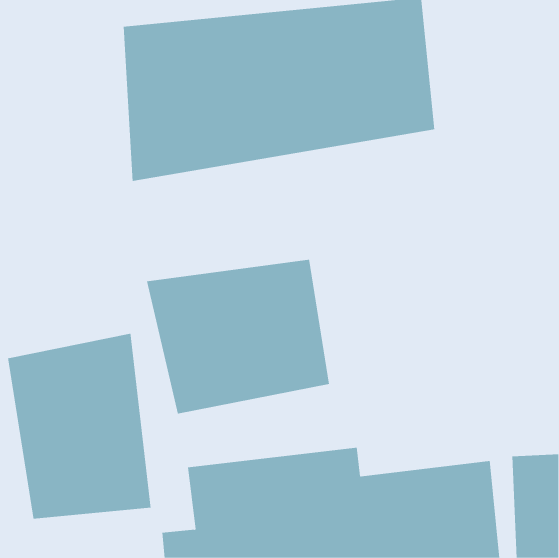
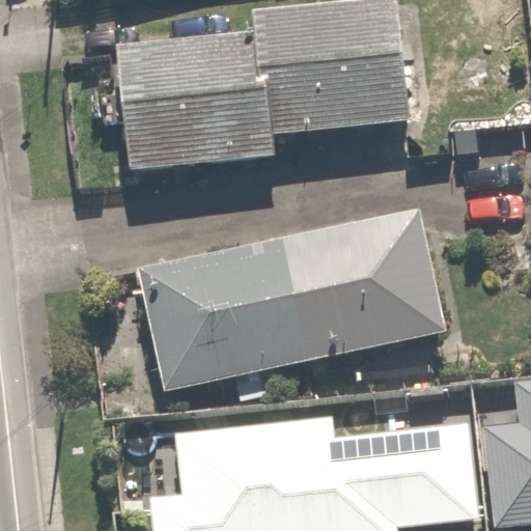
building: none -> [290,208,450,360]
building: [7,333,151,520] -> none

